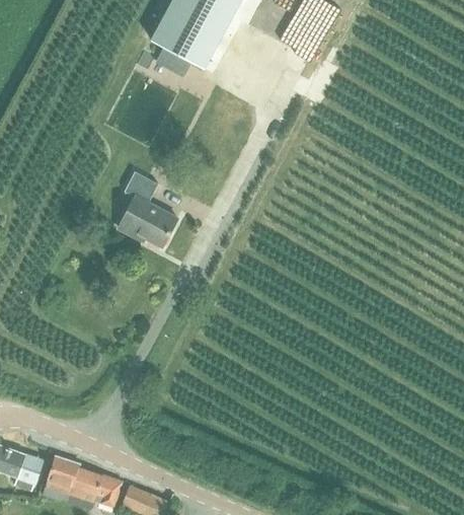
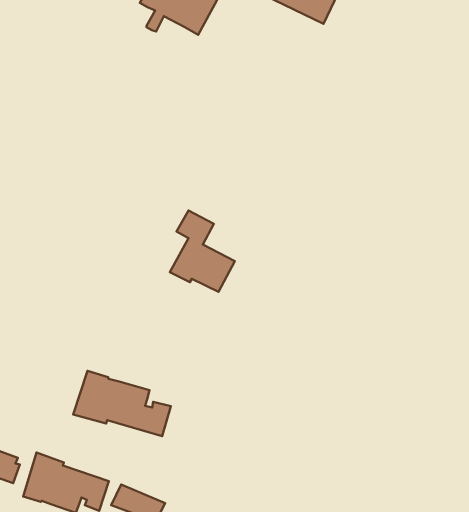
building: [117,171,176,246] -> [170,211,235,292]
building: none -> [73,371,171,436]

